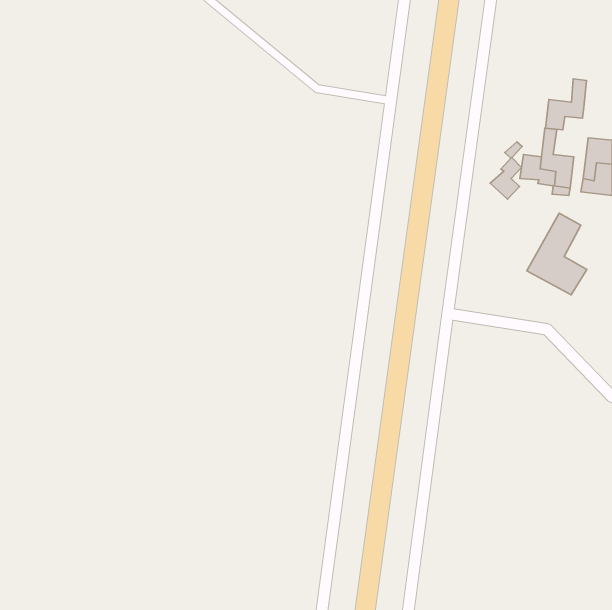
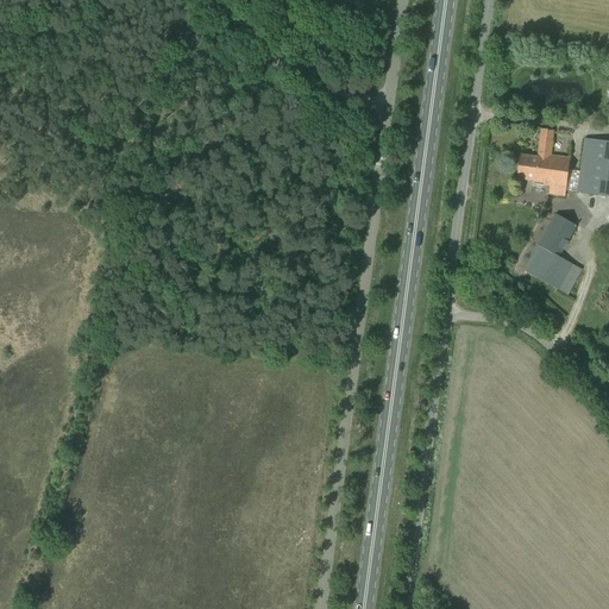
building: [545,79,587,130] -> none
building: [490,142,522,199] -> none

